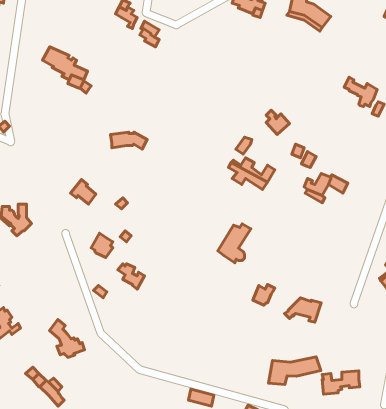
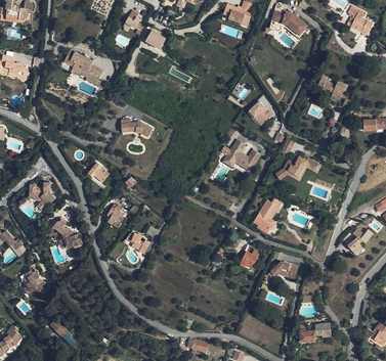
building: [218,224,251,263] -> [253,198,281,231]
building: [49,319,85,357] -> [52,218,82,250]
building: [268,357,321,384] -> none

